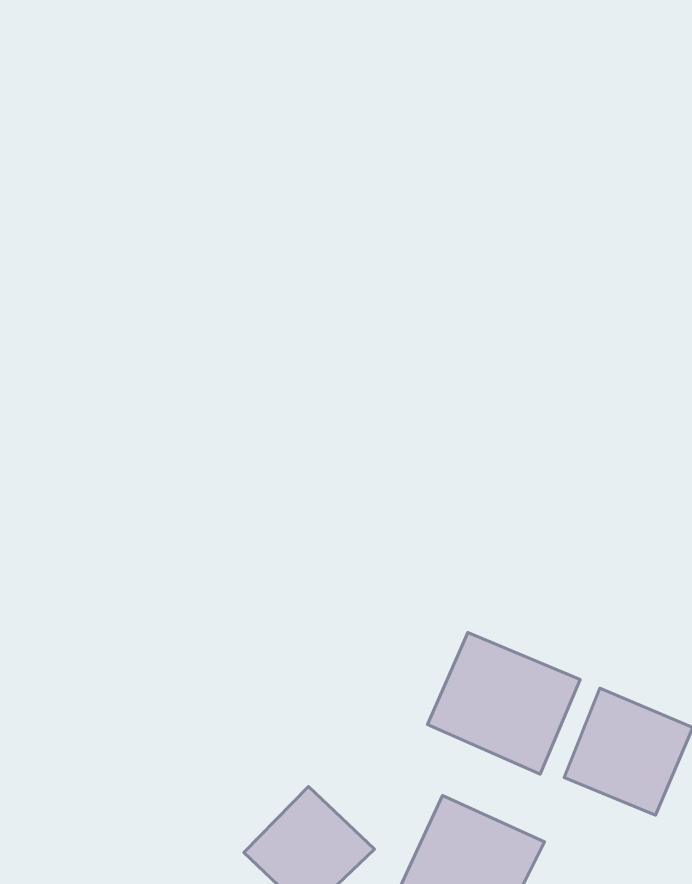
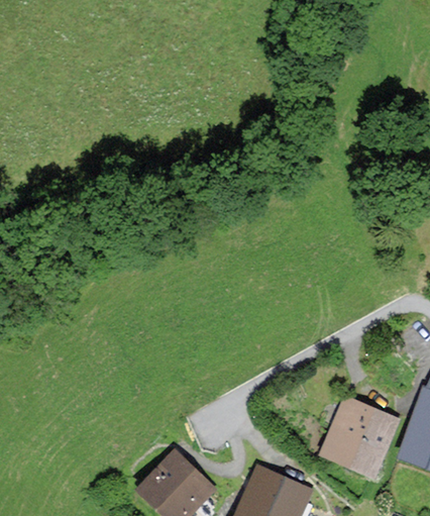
building: [428,633,580,774] -> none

